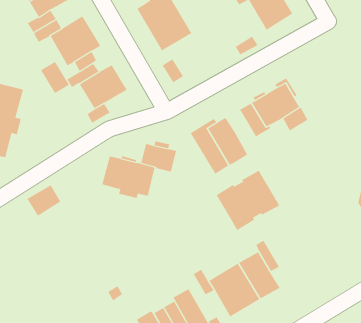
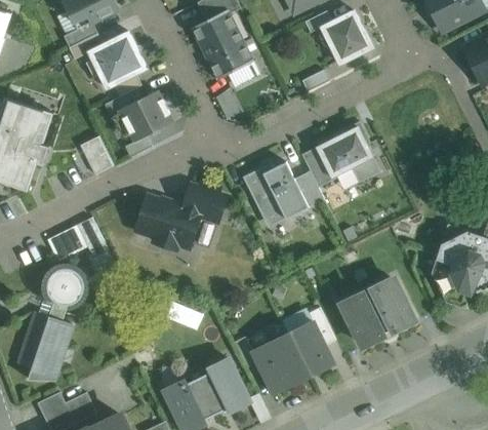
building: [40,61,70,94] -> [80,136,113,174]
building: none -> [294,171,323,207]
building: [216,170,280,231] -> [340,278,414,347]
building: none -> [77,218,108,258]
building: none -> [19,268,83,381]

